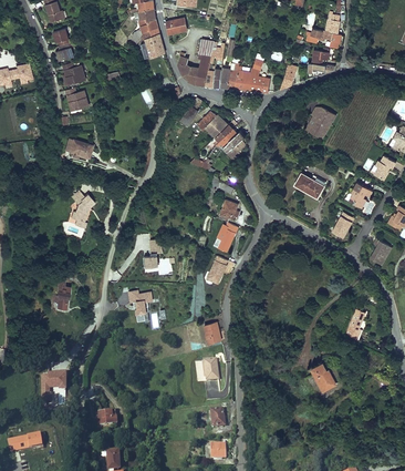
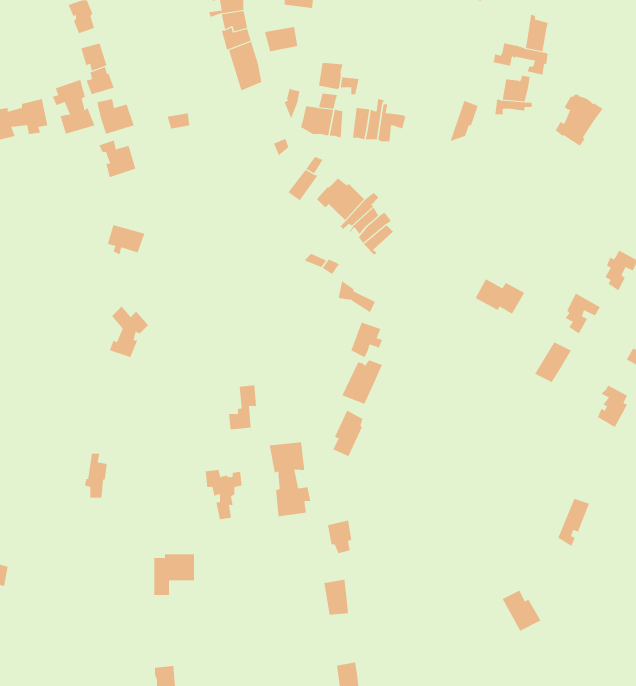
building: none -> [52,79,95,134]
building: [242,59,269,92] -> none
building: [305,106,335,139] -> [555,94,604,146]
building: none -> [269,441,311,517]
building: [40,373,65,399] -> [154,554,195,595]

